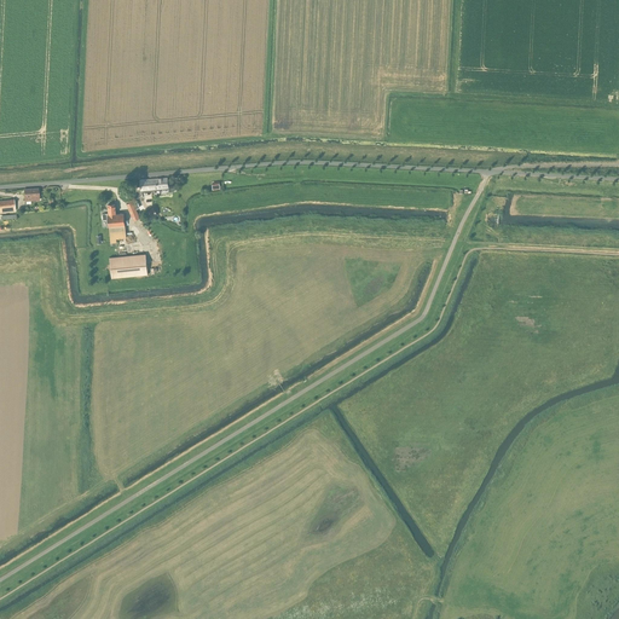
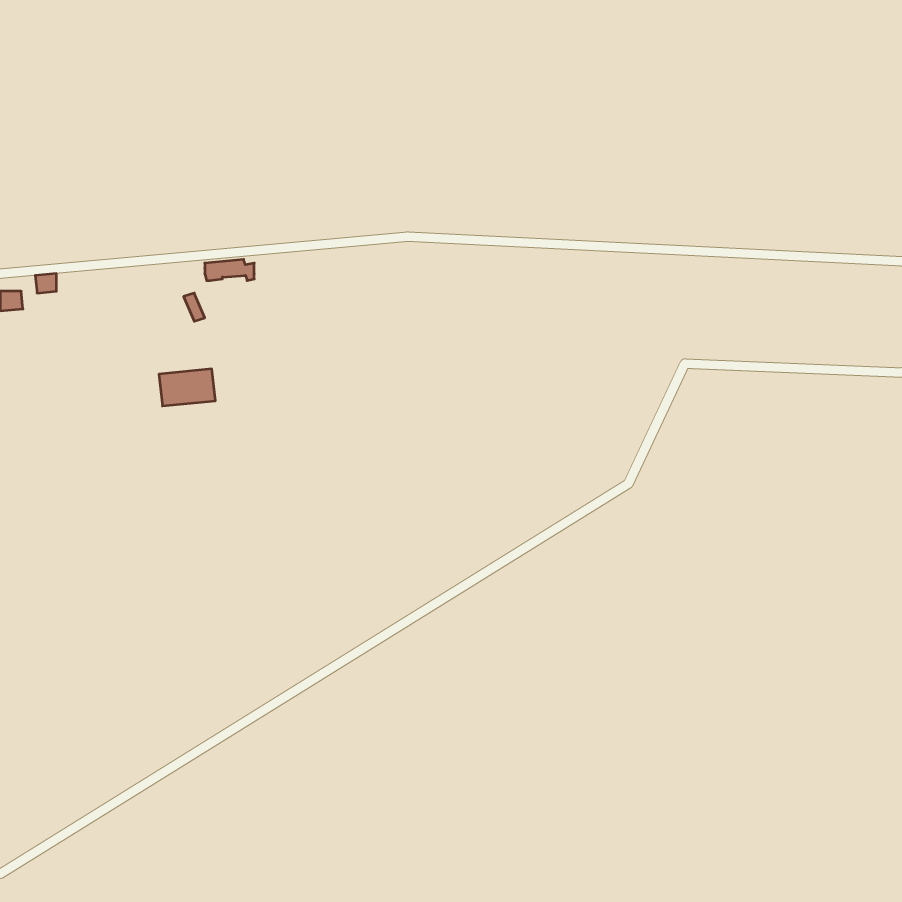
building: [102,203,131,243] -> none

